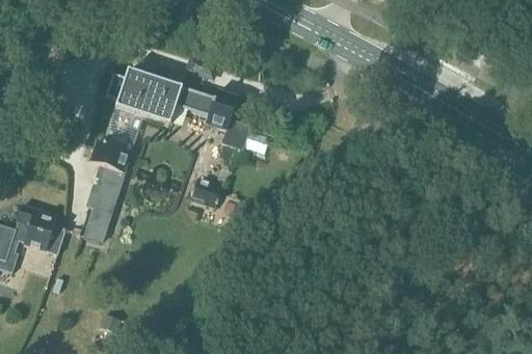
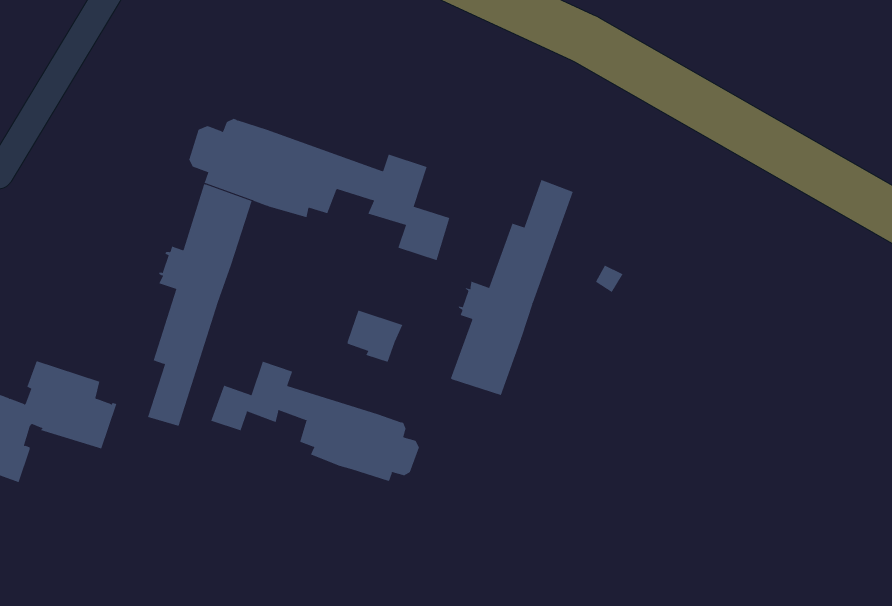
building: none -> [450,179,574,396]
building: none -> [211,361,420,482]

